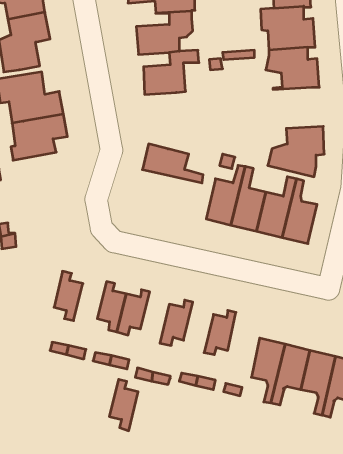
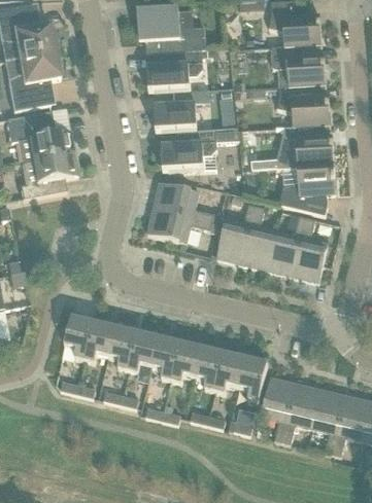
building: none -> [277,125,335,168]
building: none -> [162,129,238,172]
building: none -> [147,208,213,243]
building: none -> [84,318,117,362]
building: none -> [195,340,225,391]
building: none -> [239,351,268,401]
building: [109,379,138,431] -> [151,330,180,382]

